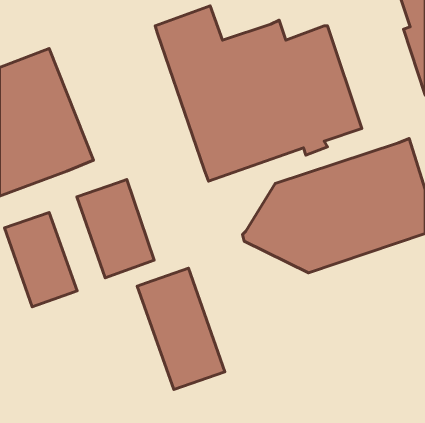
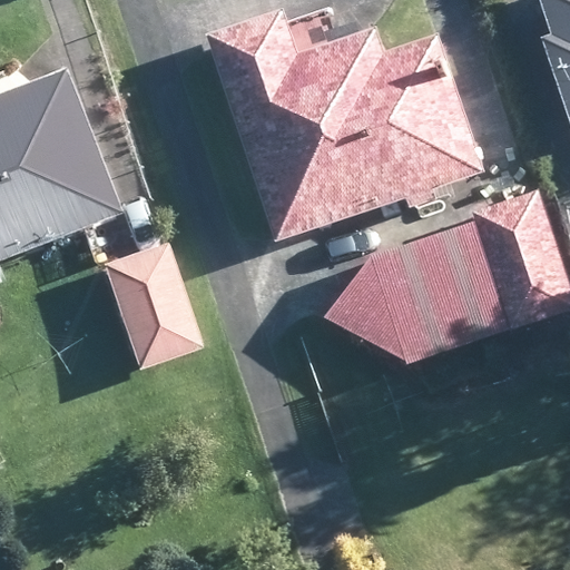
building: [5,212,77,307] -> none
building: [137,268,225,389] -> none

